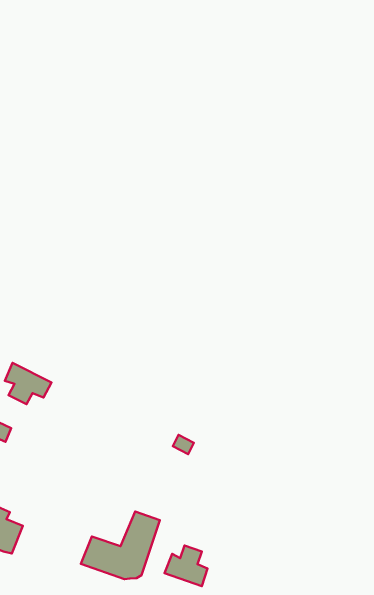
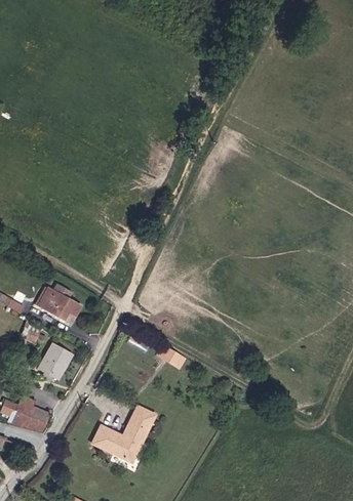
building: none -> [39,340,74,382]
building: [164,546,207,586] -> none

